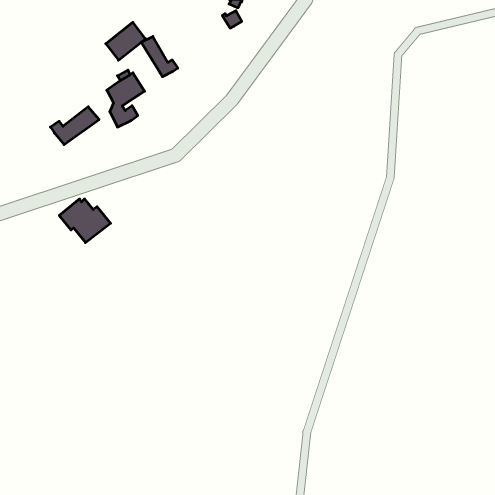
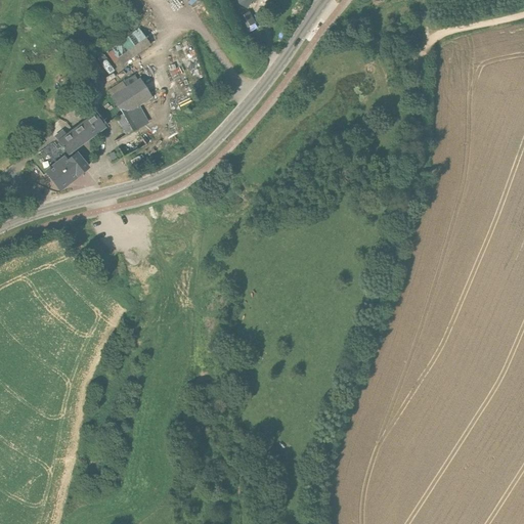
building: [141,36,178,77] -> none
building: [59,199,111,243] -> [33,141,87,187]

